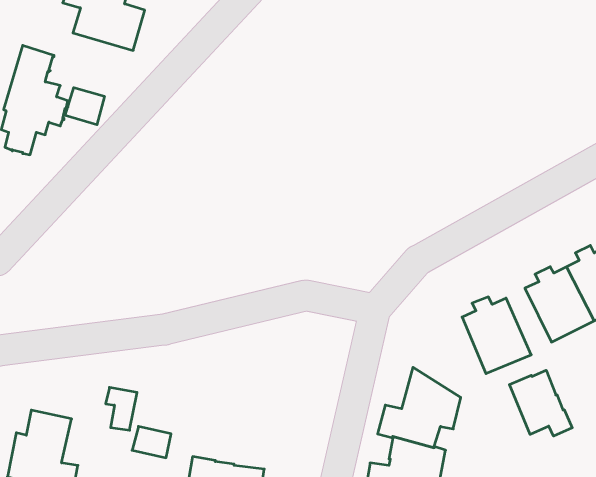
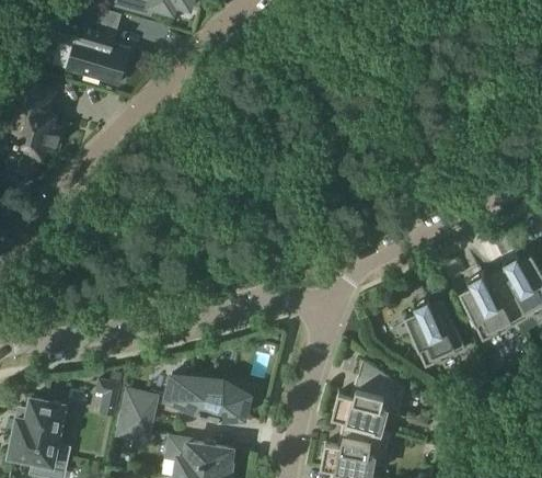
building: [65,88,104,125] -> none
building: [509,370,572,436] -> none
building: none -> [165,375,251,422]
building: none -> [124,390,157,419]

